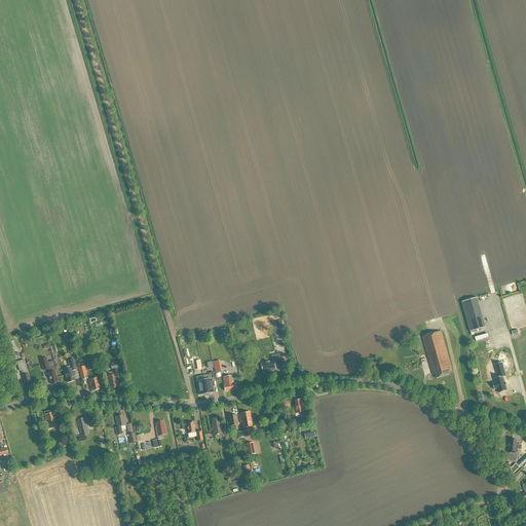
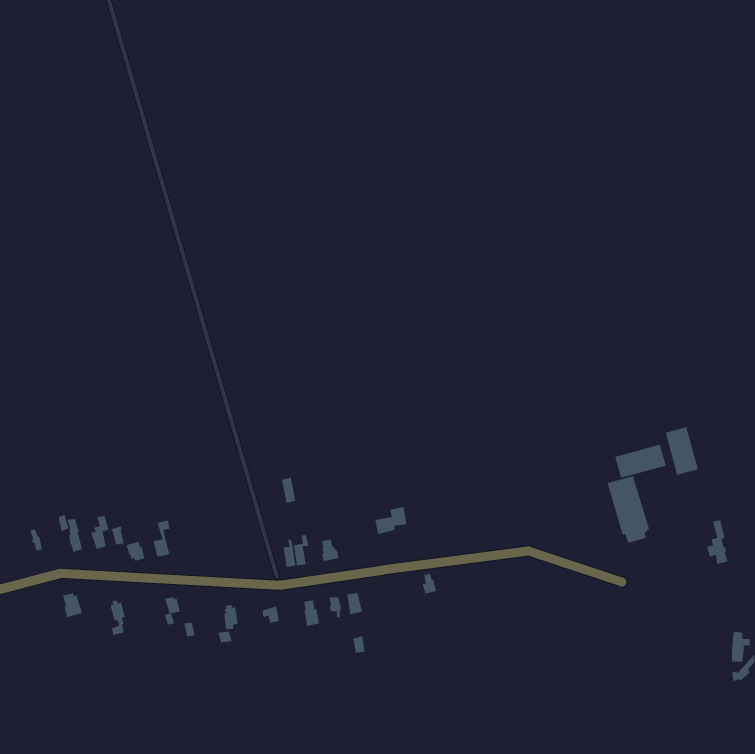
building: none -> [615,444,666,479]

